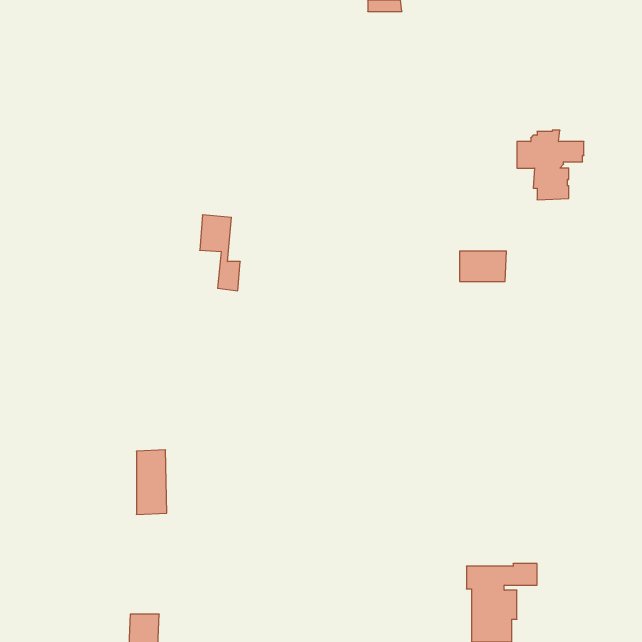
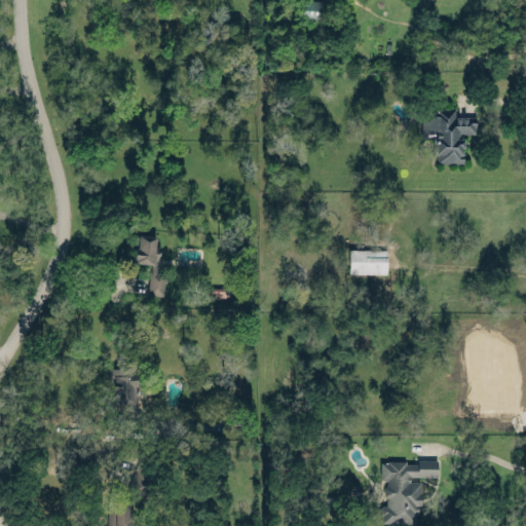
building: [200,215,240,291] -> [135,236,167,298]
building: [460,251,506,281] -> [351,251,389,275]

